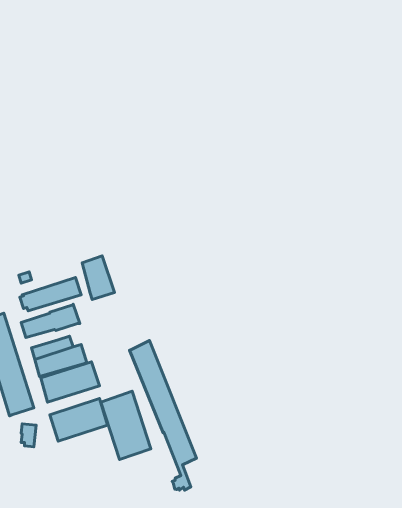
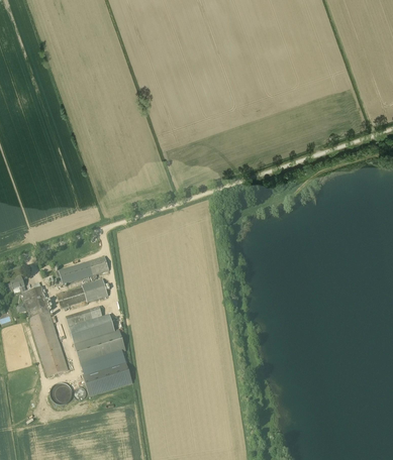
building: [82,256,114,299] -> none
building: [129,341,197,490] -> none
building: [101,391,151,460] -> none

